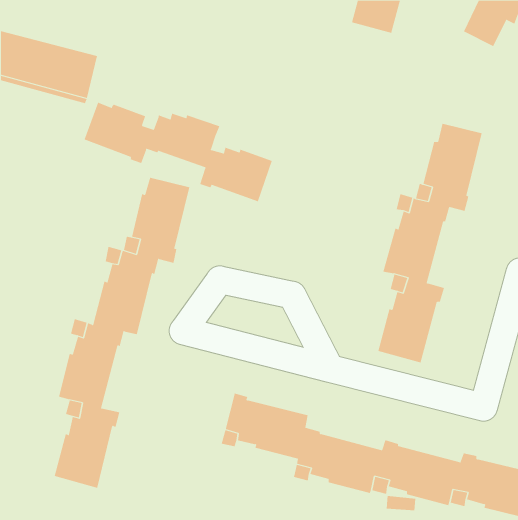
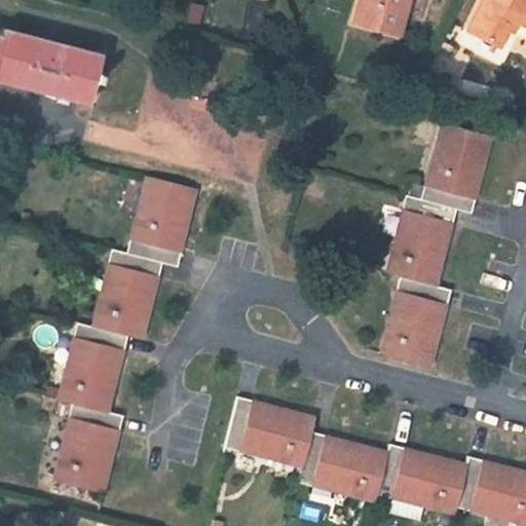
building: [84,102,272,202] -> none

